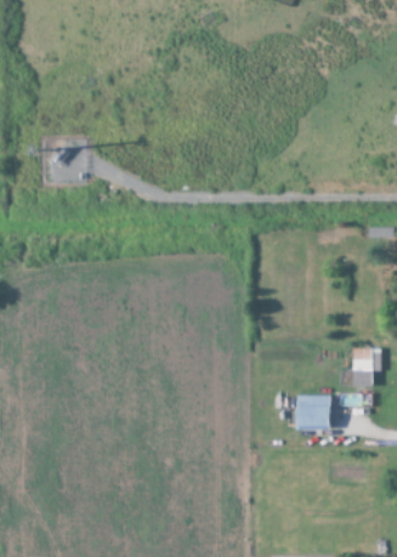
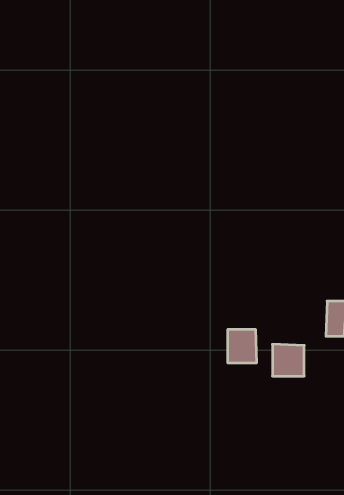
building: none -> [228,329,256,363]

